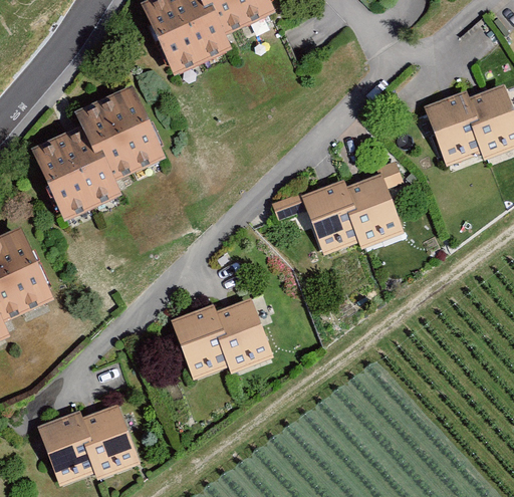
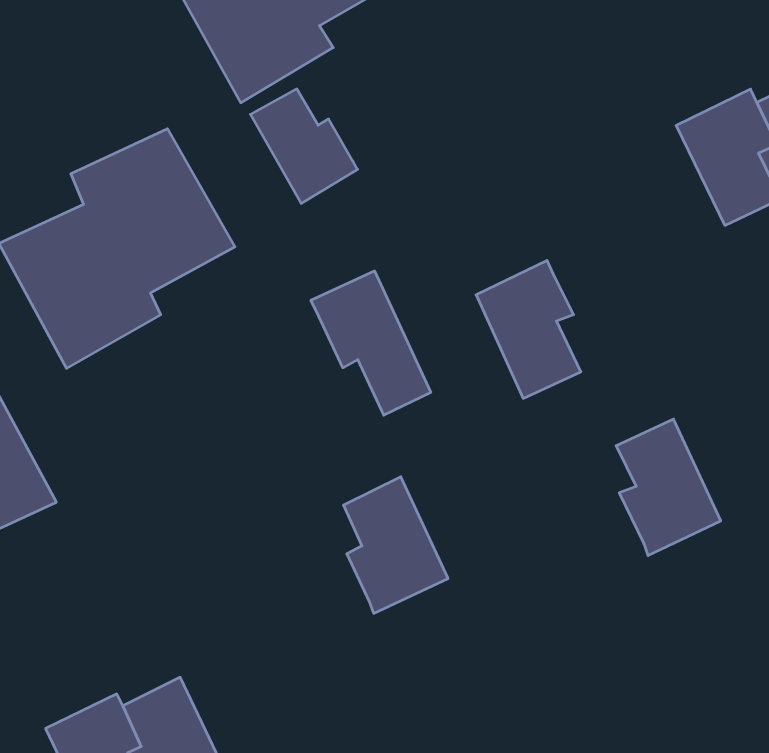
building: none -> [250,89,358,203]
building: [346,173,404,250] -> [616,419,721,556]
building: none -> [311,271,431,415]
building: [171,302,228,380] -> none

